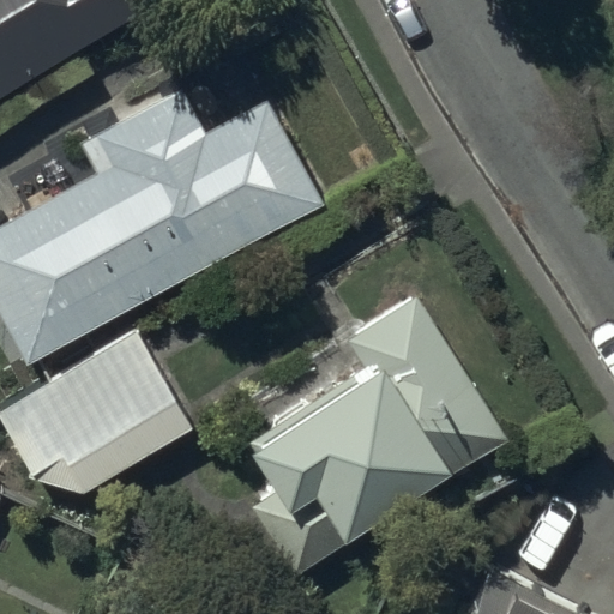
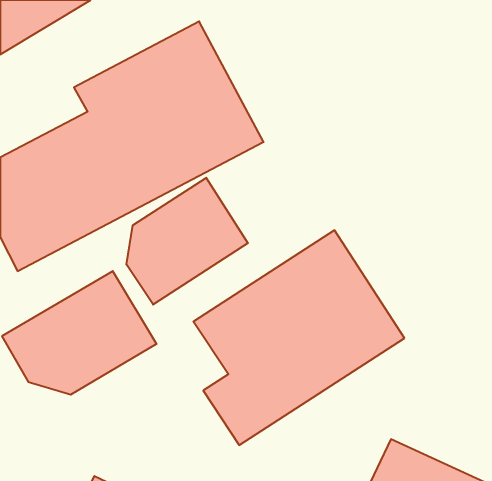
building: none -> [126,178,248,305]

